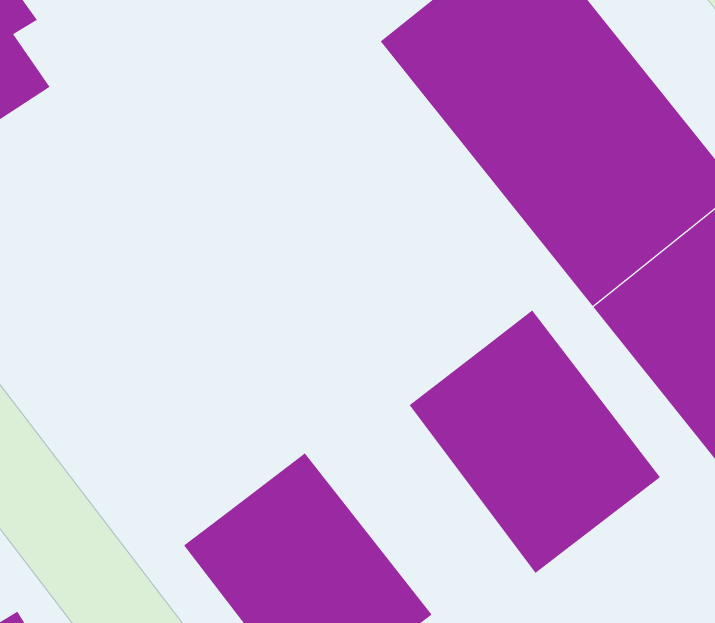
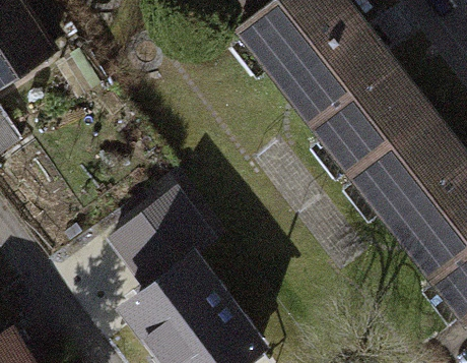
building: [409,310,661,574] -> none
building: none -> [115,198,210,291]

